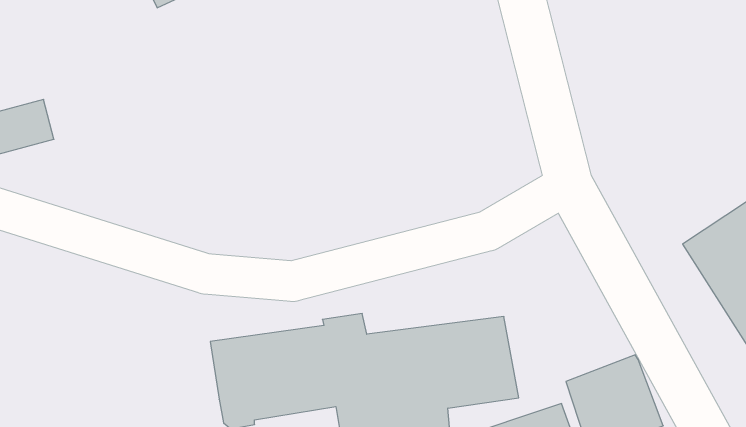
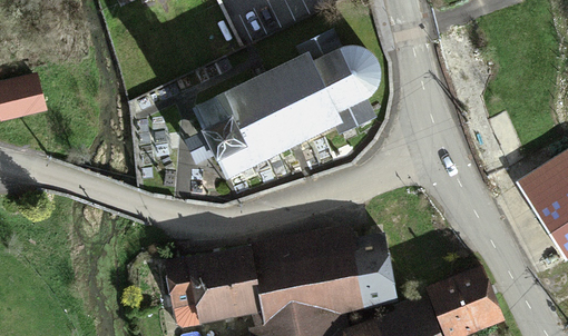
building: none -> [187,33,380,174]

